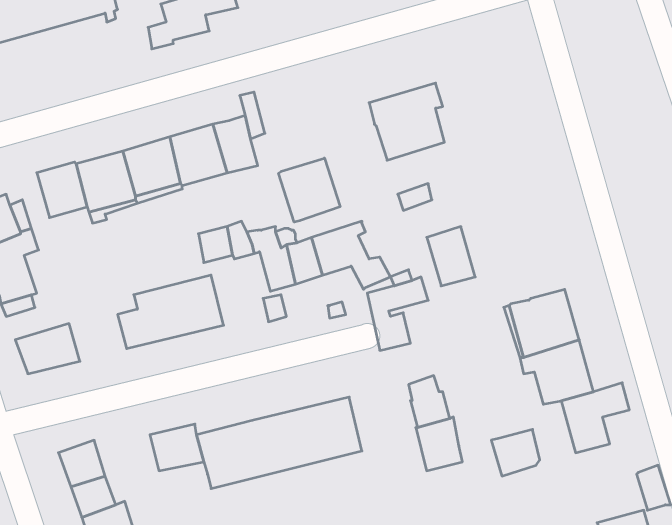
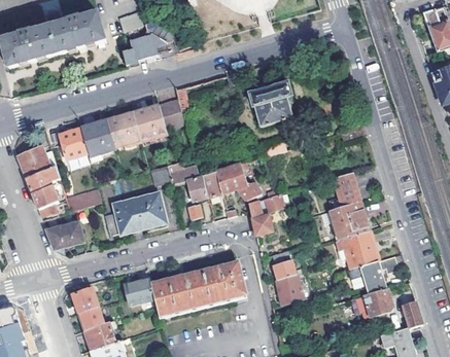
building: [279,158,340,222] -> none
building: [427,227,475,286] -> [334,172,361,206]
building: none -> [65,188,101,211]
building: [491,429,540,476] -> [364,289,391,316]

